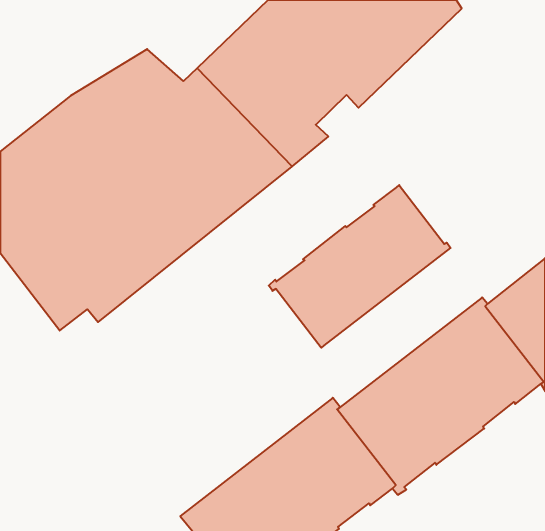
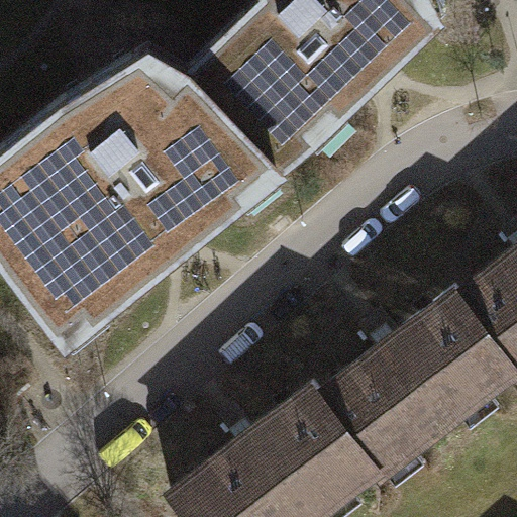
building: [269,185,451,348] -> none

